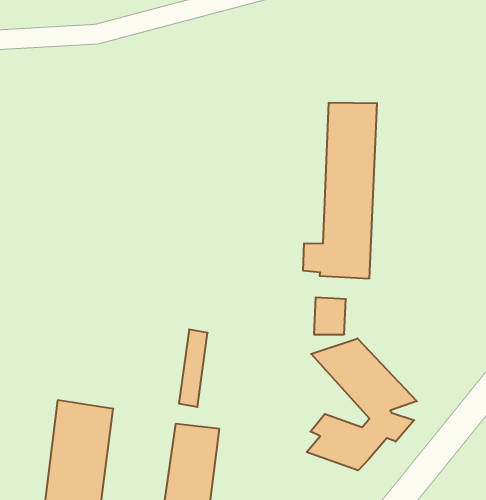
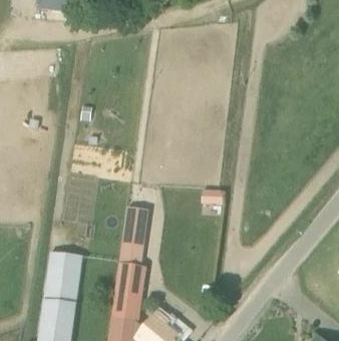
building: [303,103,377,279] -> none
building: [307,338,417,470] -> none

